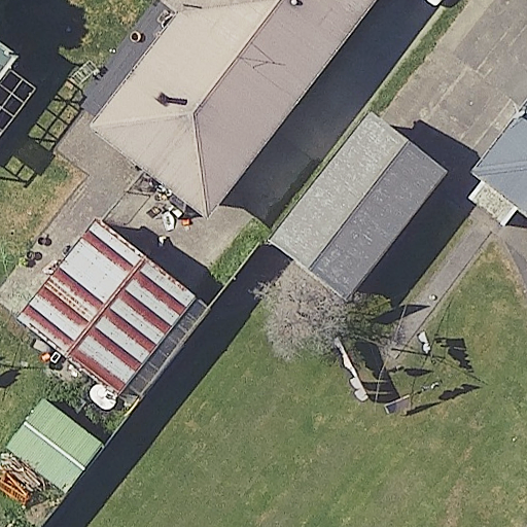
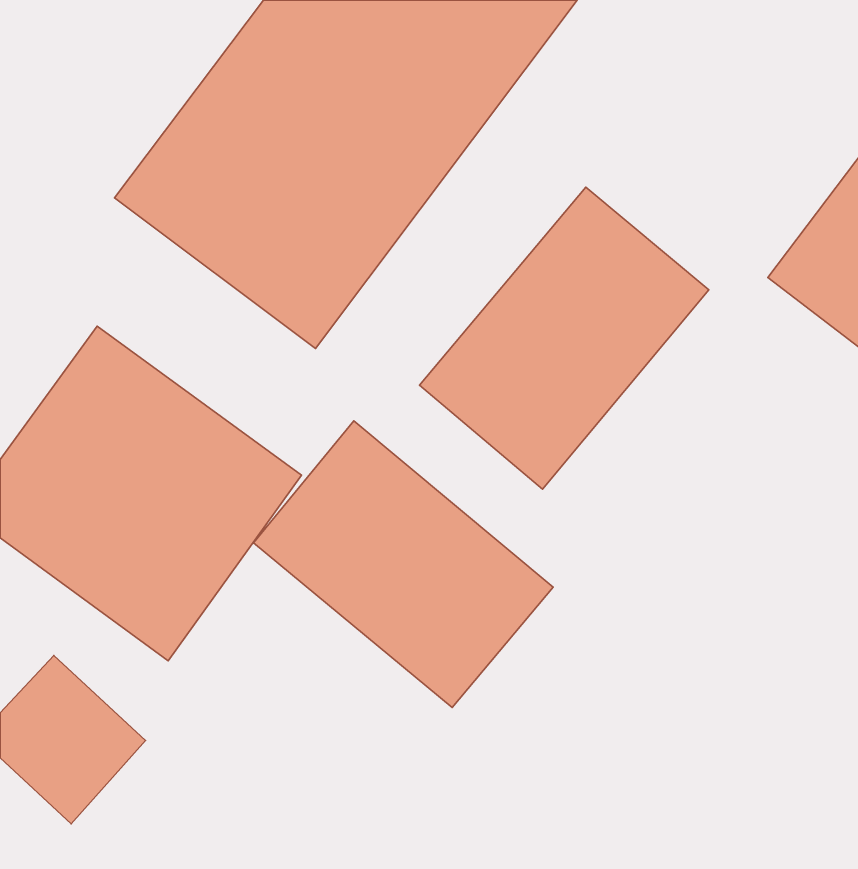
building: none -> [253,421,553,708]

